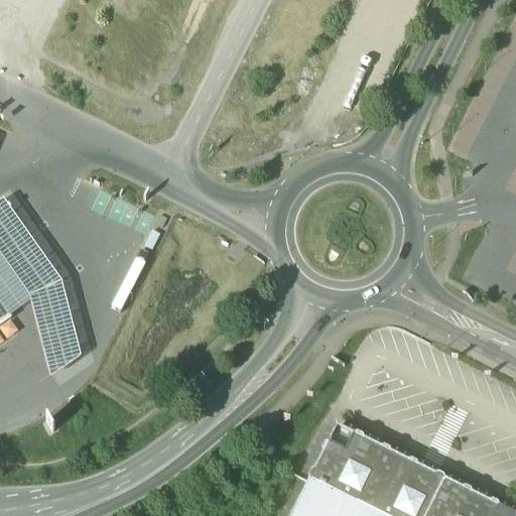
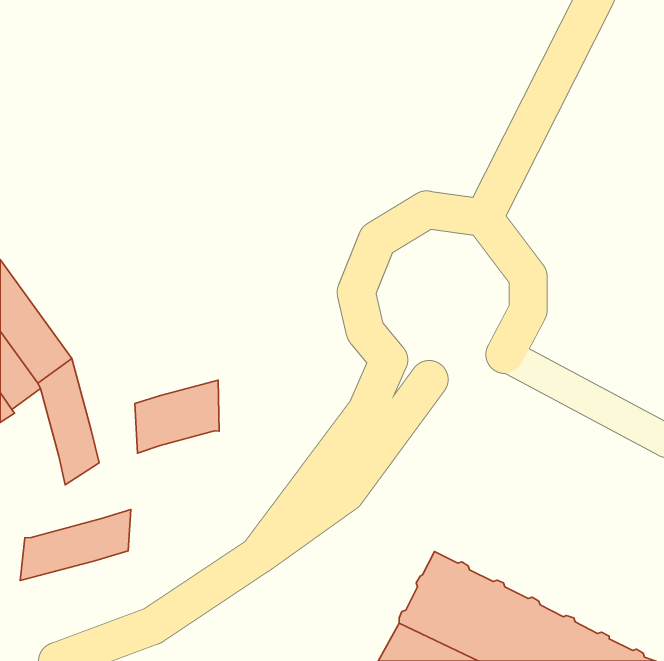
building: none -> [135,380,219,453]
building: none -> [20,510,131,581]

